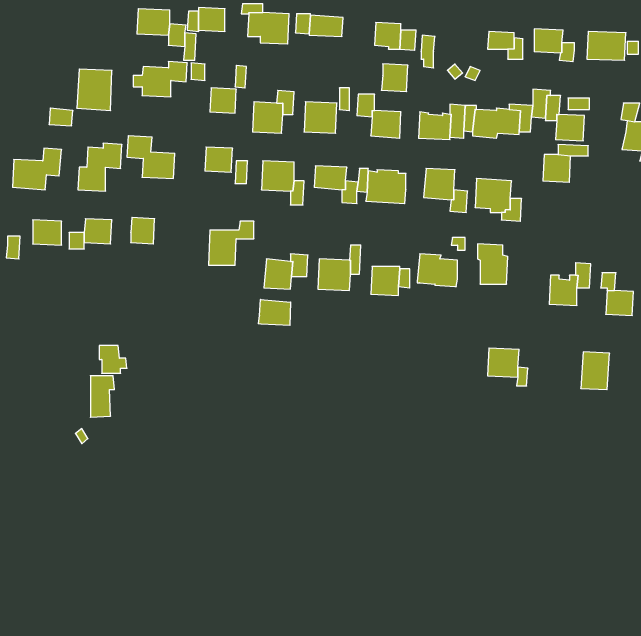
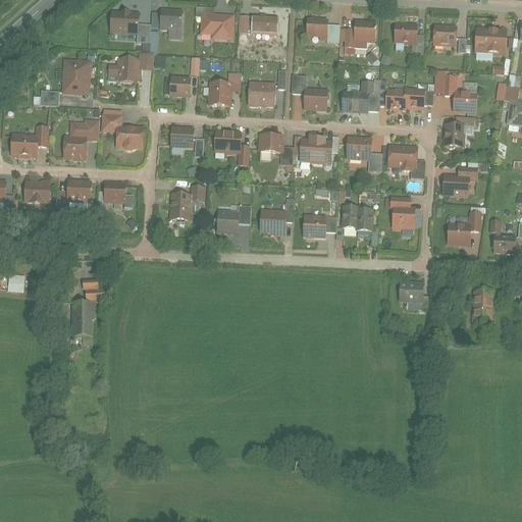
building: [381,64,408,92] -> [353,20,374,43]
building: none -> [441,165,476,198]
building: [258,299,291,325] -> none

